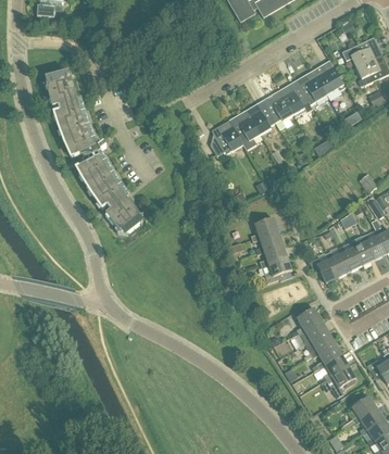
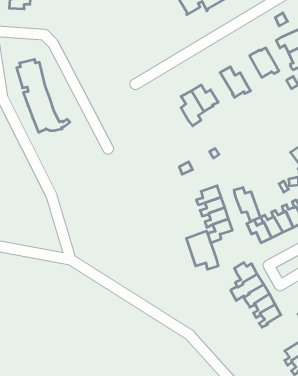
building: [301,68,326,103] -> none
building: [267,88,293,122] -> none
building: [210,118,242,154] -> none
building: [76,154,140,231] -> none
building: none -> [234,187,260,221]
building: none -> [186,231,218,269]
building: [329,365,356,396] -> none

